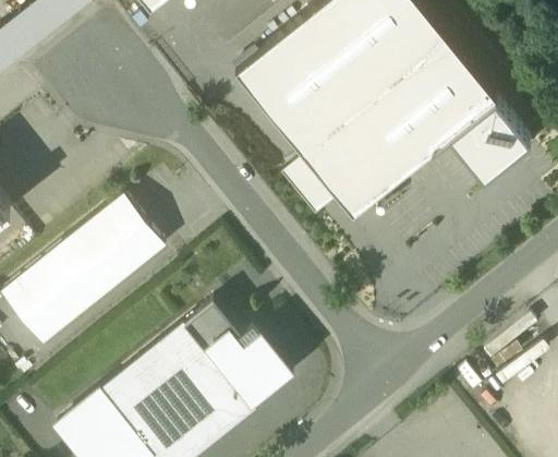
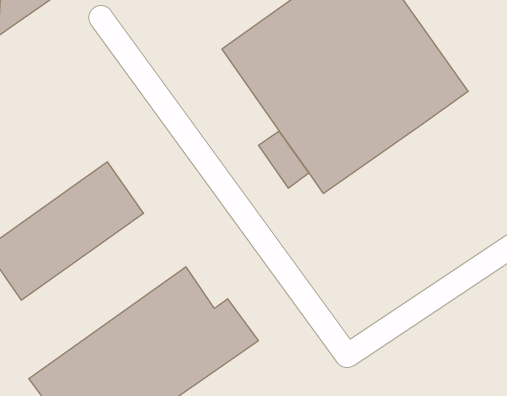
building: [449,99,530,180] -> none

